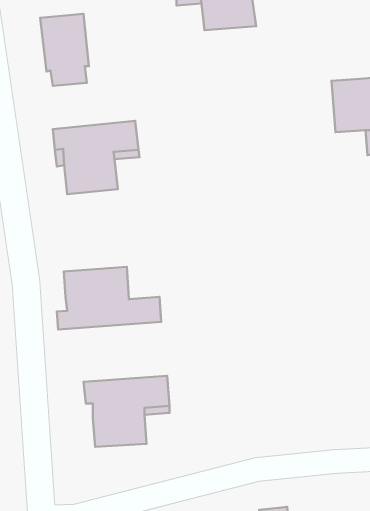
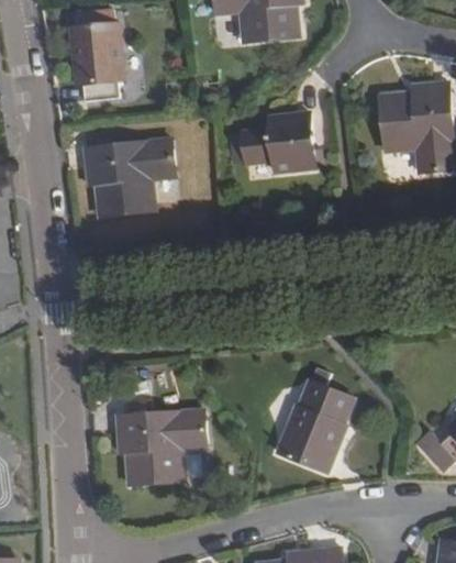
building: none -> [229,112,315,170]
building: [57,267,161,330] -> none
building: none -> [277,380,353,474]

